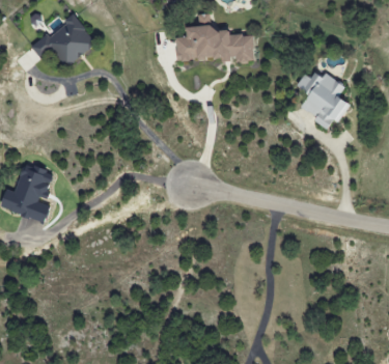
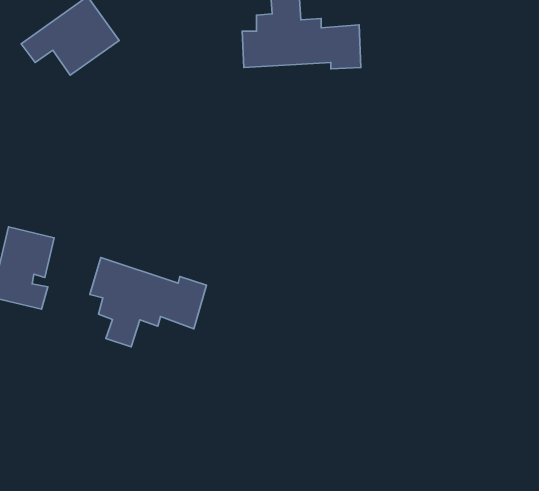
building: [296,68,350,127] -> none
building: none -> [90,257,207,347]

